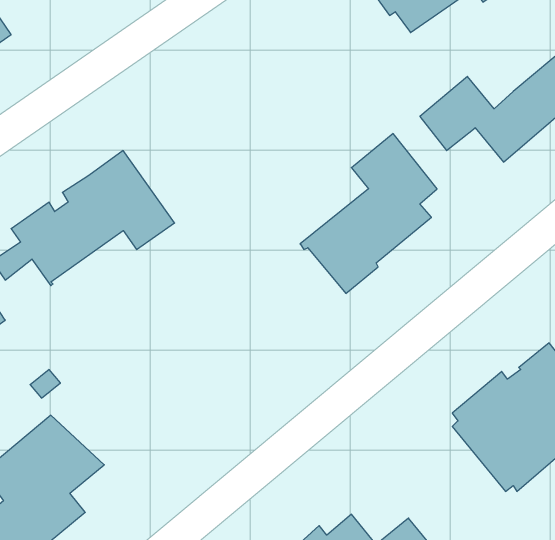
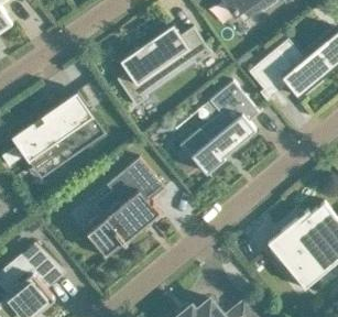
building: none -> [117,25,211,107]
building: none -> [83,157,165,259]

